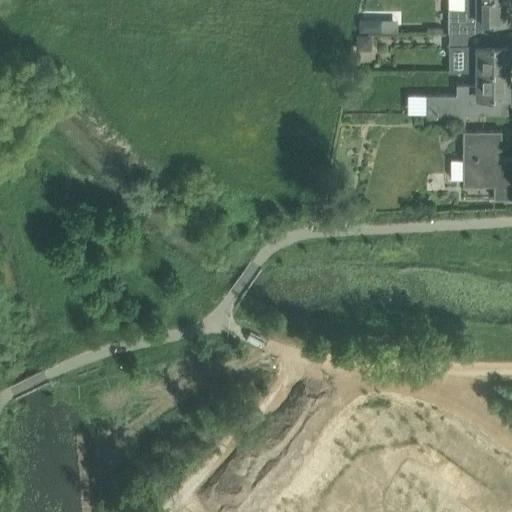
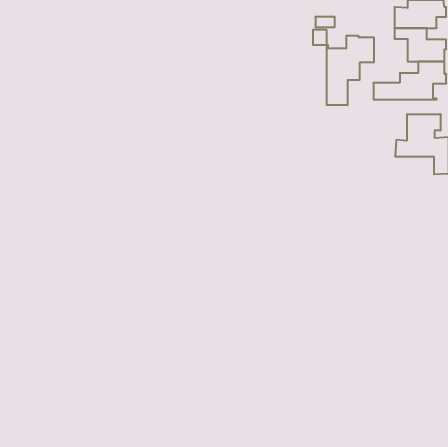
building: none -> [327,36,374,105]

